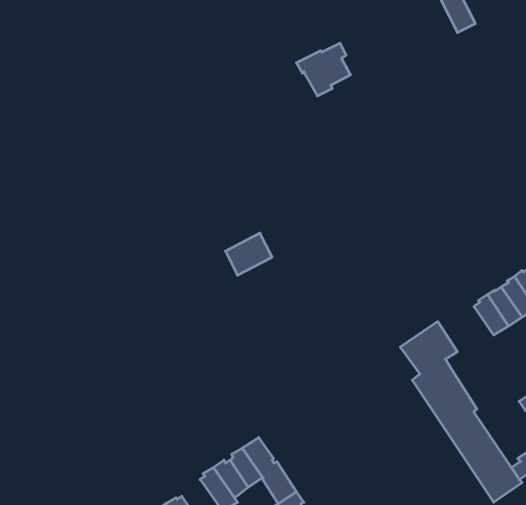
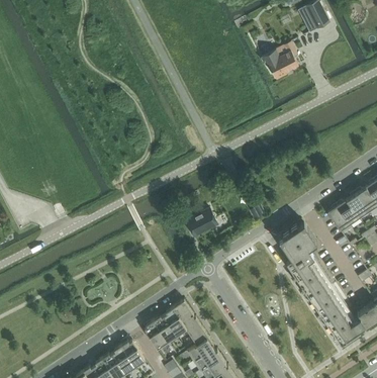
building: [296,43,351,96] -> [263,43,299,79]
building: [225,233,272,275] -> [187,207,218,235]

